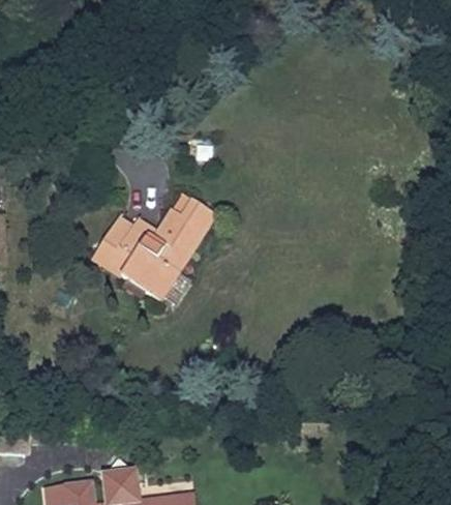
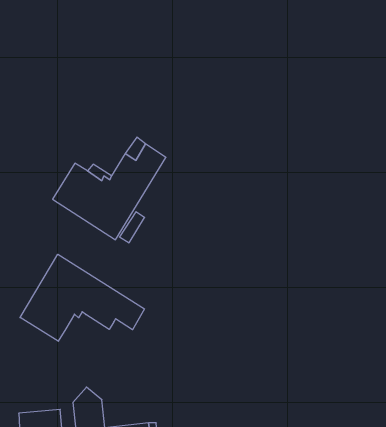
building: none -> [20,254,144,341]

